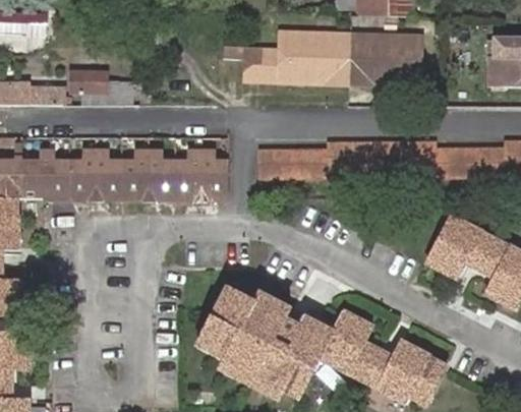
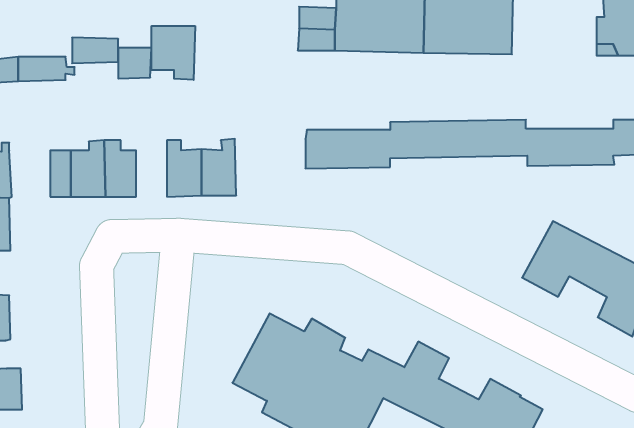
building: none -> [152,26,195,80]
building: [198,152,228,196] -> none
building: [120,153,144,197] -> none
building: [19,154,52,197] -> none

